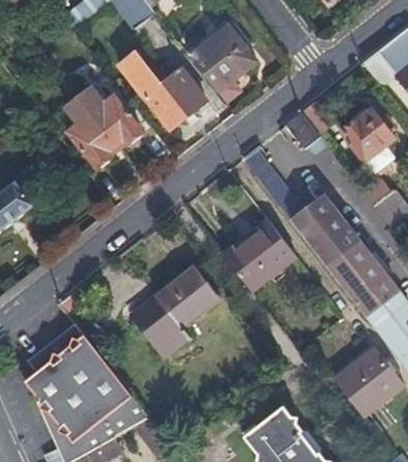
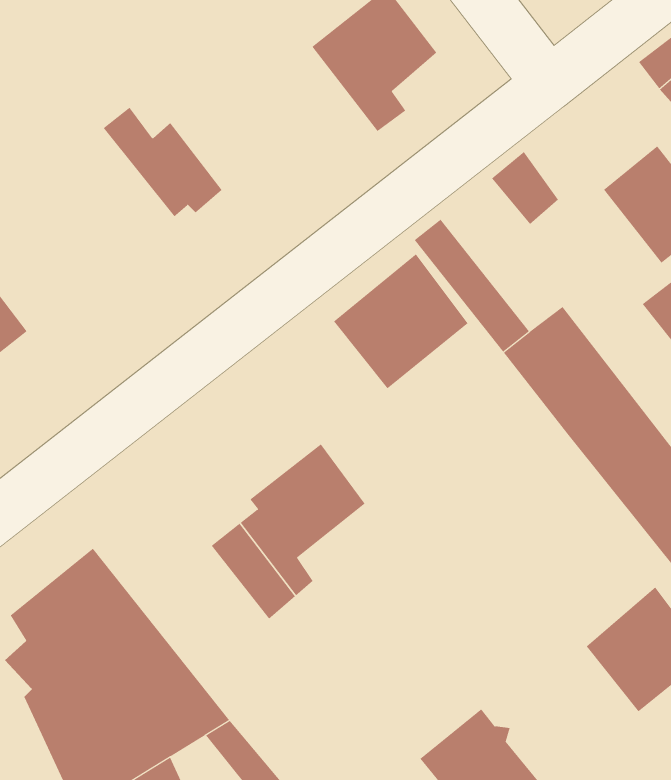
building: [117,51,205,130] -> none
building: [55,99,115,169] -> none
building: [225,220,297,292] -> [333,254,468,389]

